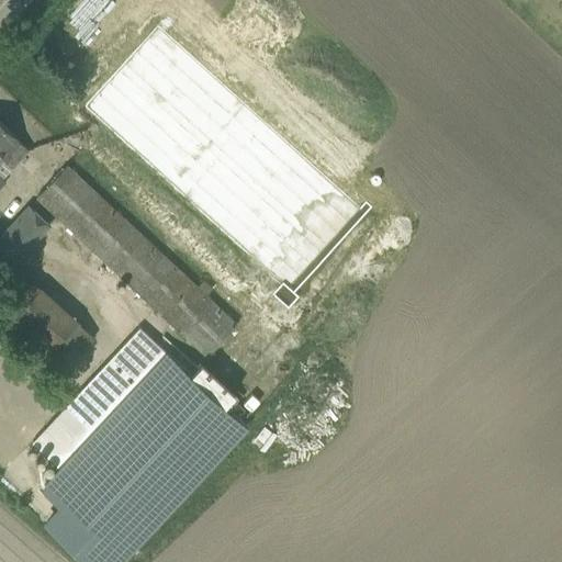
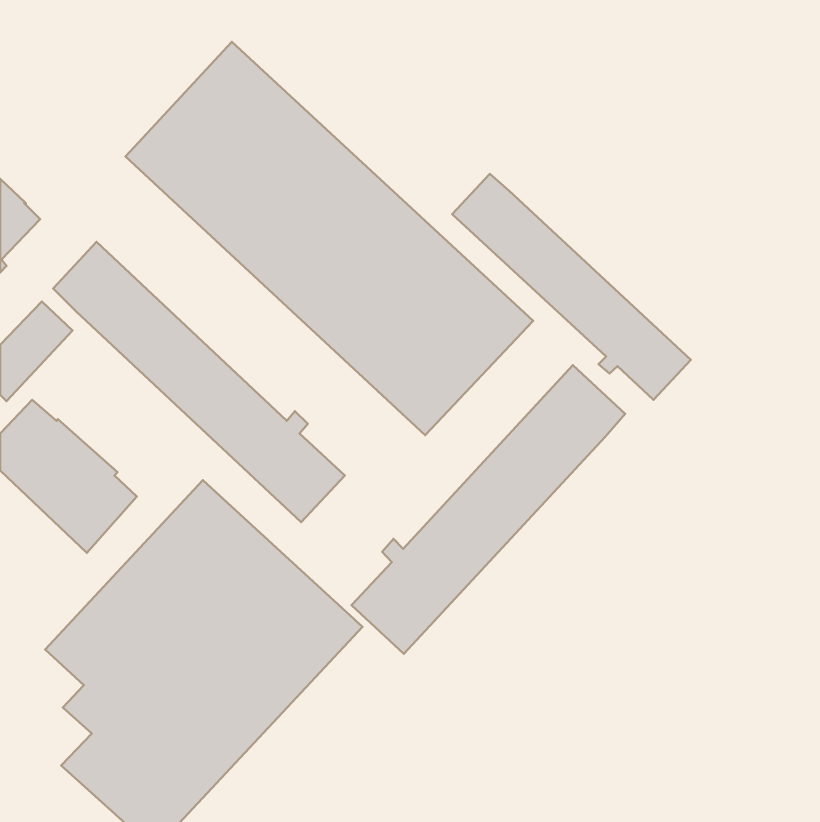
building: none -> [452,174,691,400]
building: none -> [352,365,625,654]

